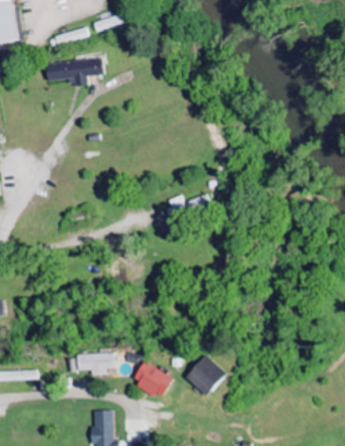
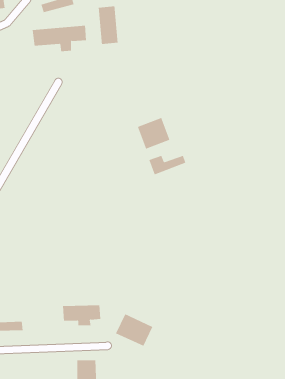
building: none -> [98,5,118,45]
building: none -> [137,117,170,150]
building: [185,354,226,395] -> none

